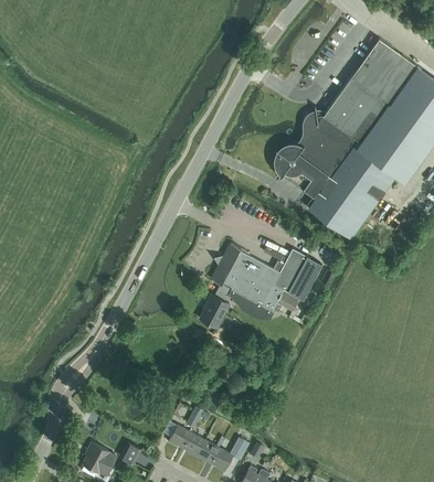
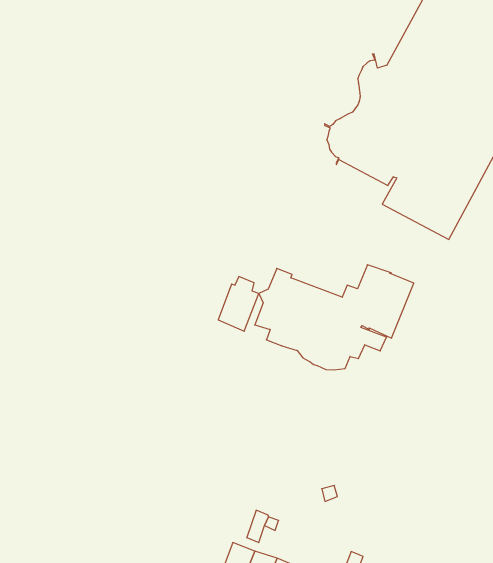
building: [201,291,231,329] -> [218,277,259,331]

